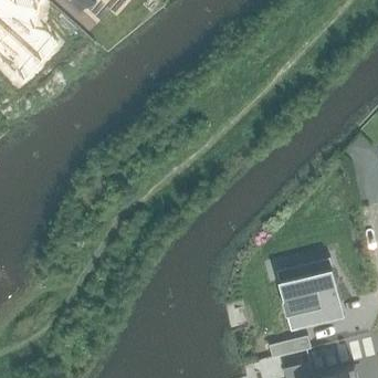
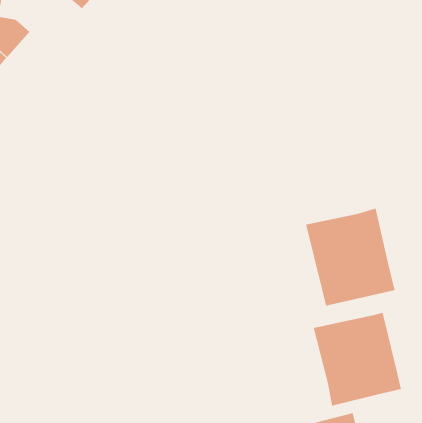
building: none -> [305,208,395,307]

